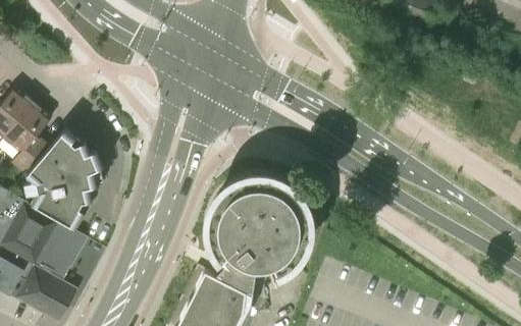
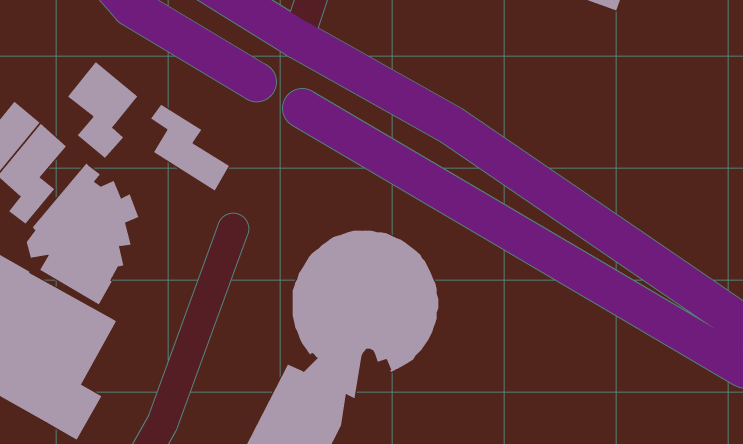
building: none -> [67,61,138,159]
building: none -> [150,104,230,191]

